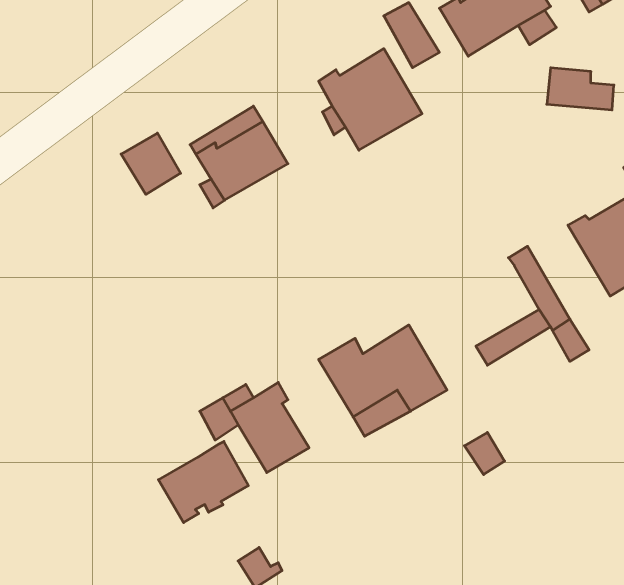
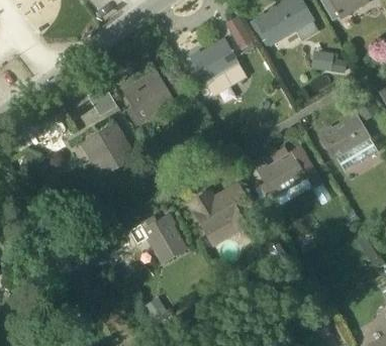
building: none -> [82,122,130,175]
building: none -> [259,153,306,196]
building: [158,441,248,523] -> none

